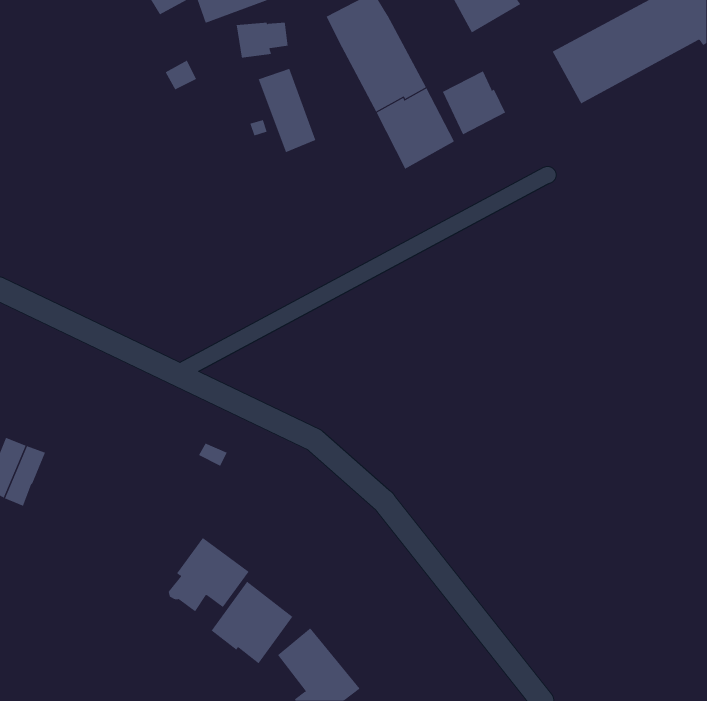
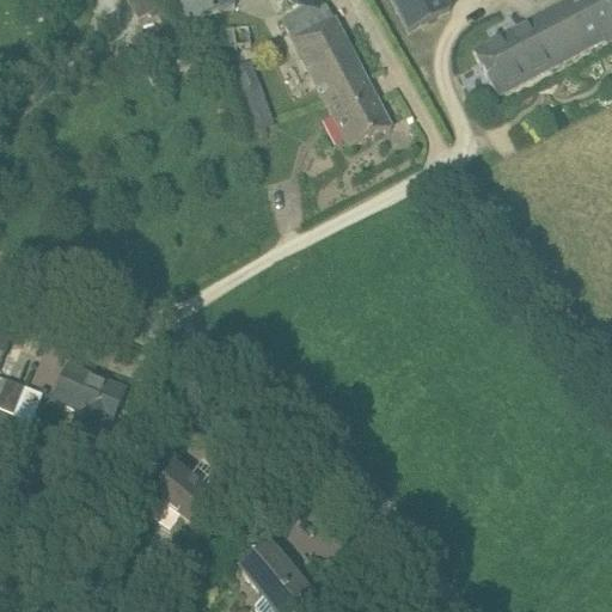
building: [442,71,506,135] -> none
building: none -> [53,361,124,439]
building: [211,581,293,664] -> none

